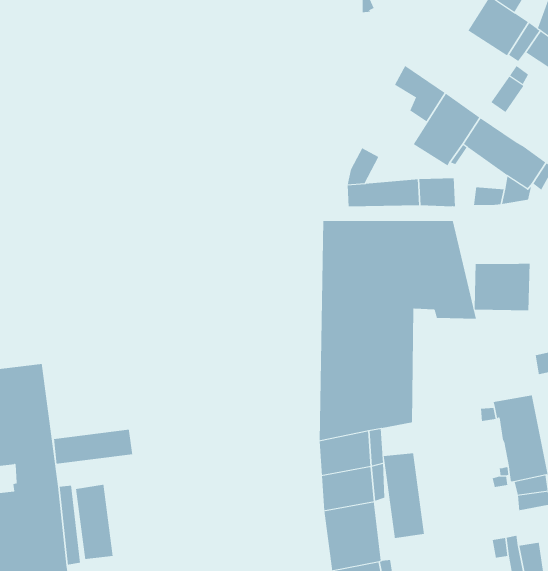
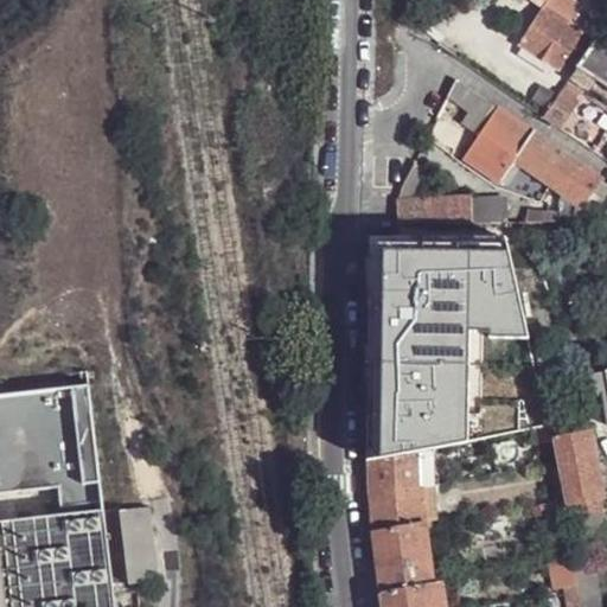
building: [474,263,530,311] -> none
building: [54,429,133,465] -> none
building: [383,452,424,539] -> none

